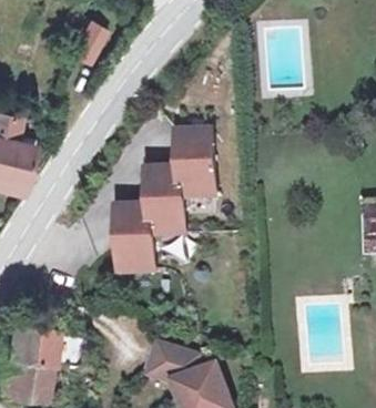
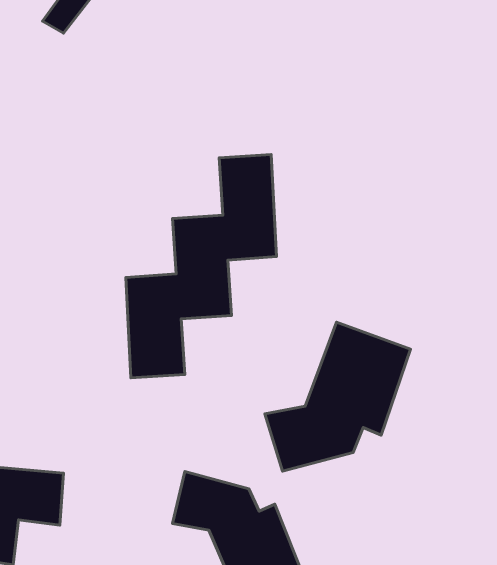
building: none -> [265,322,410,471]

